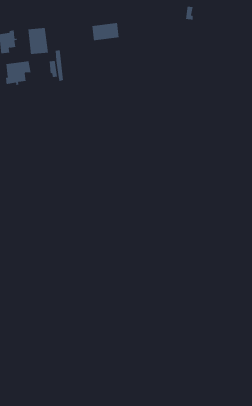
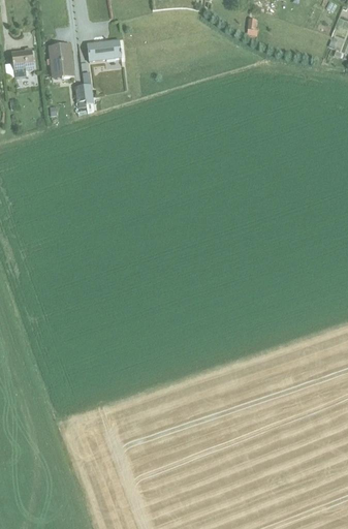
building: [92,23,119,41] -> [87,38,122,61]
building: [5,61,31,86] -> none

